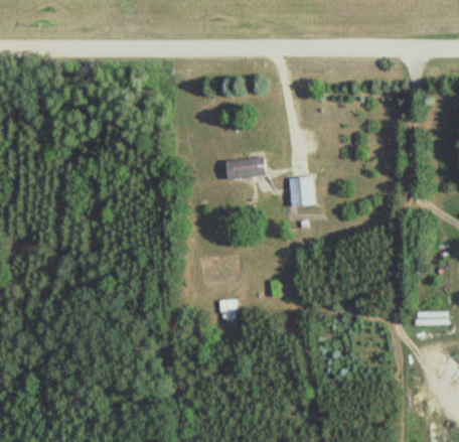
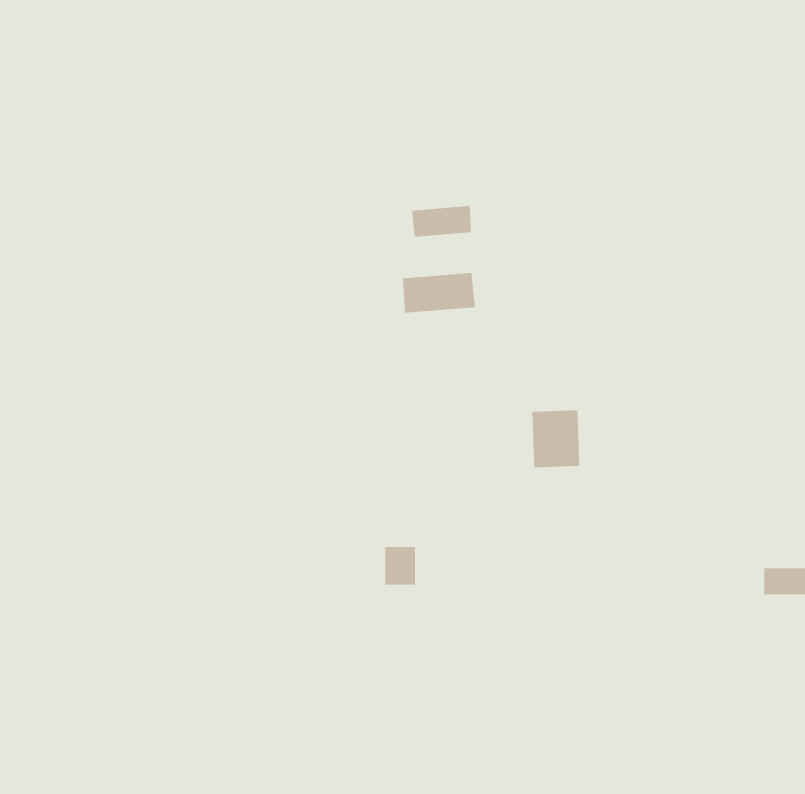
building: none -> [412,205,472,237]
building: [289,175,314,205] -> [531,410,580,468]

